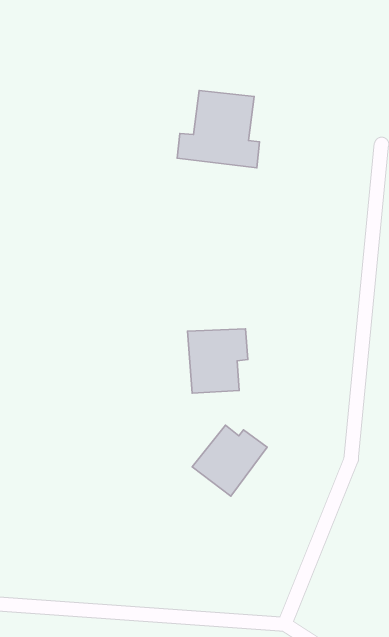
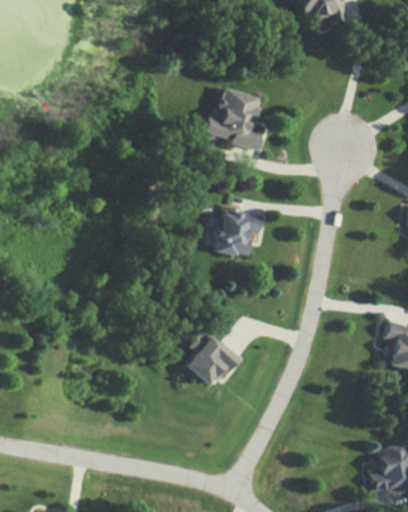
building: [188,329,248,393] -> [215,208,260,256]

